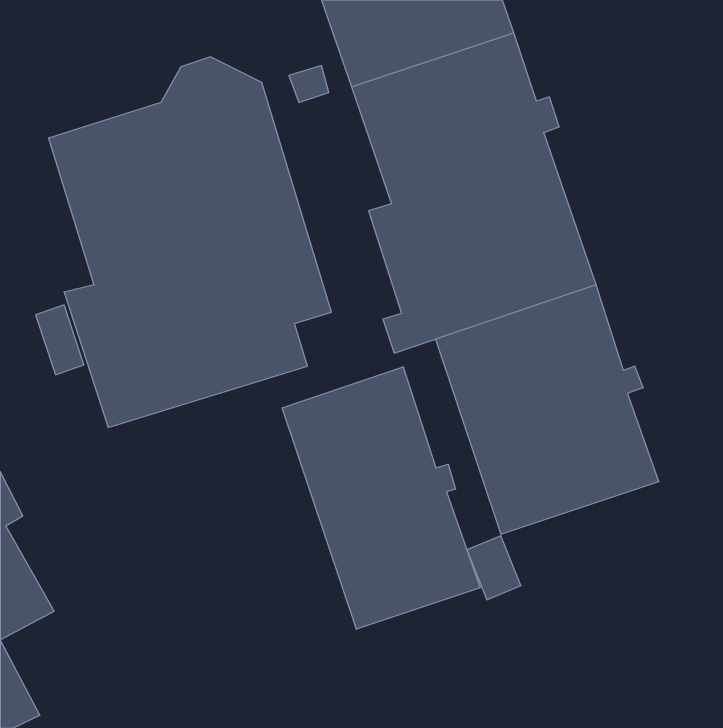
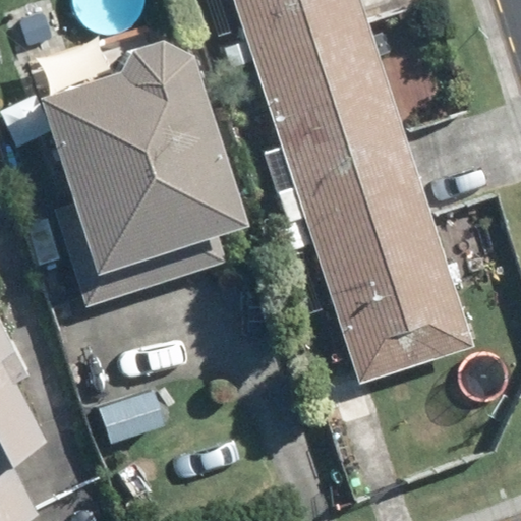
building: [282,367,480,629] -> none

